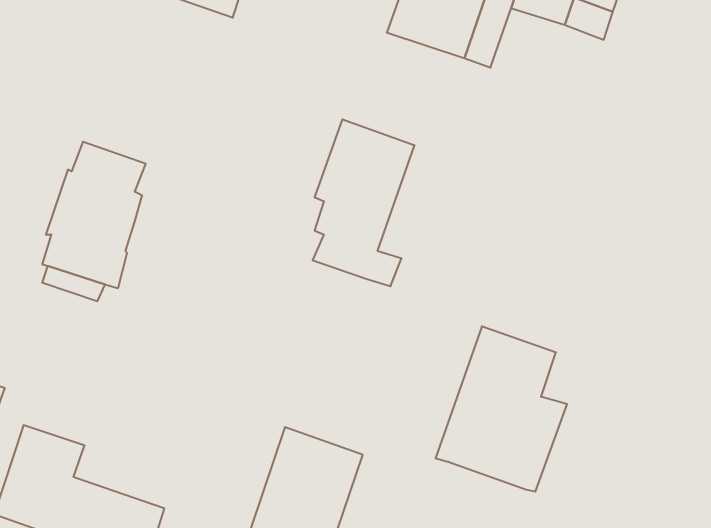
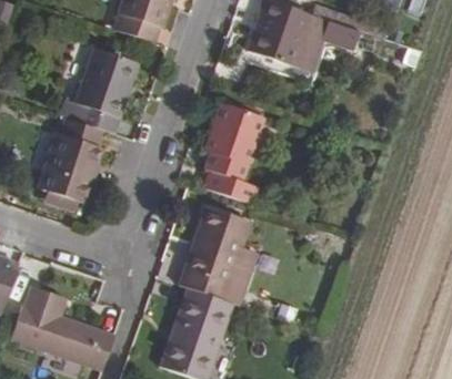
building: none -> [60,48,139,133]
building: [435,326,567,491] -> [179,206,258,305]

